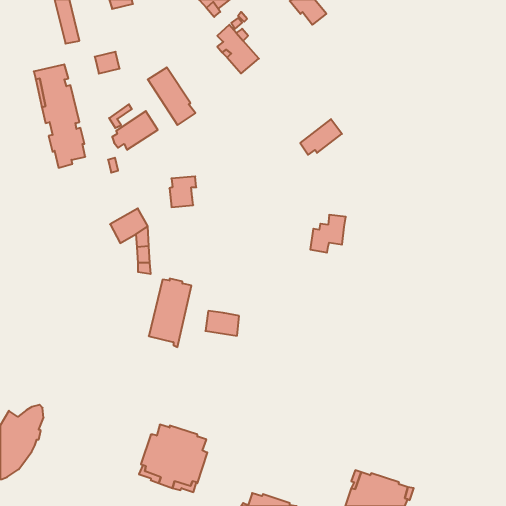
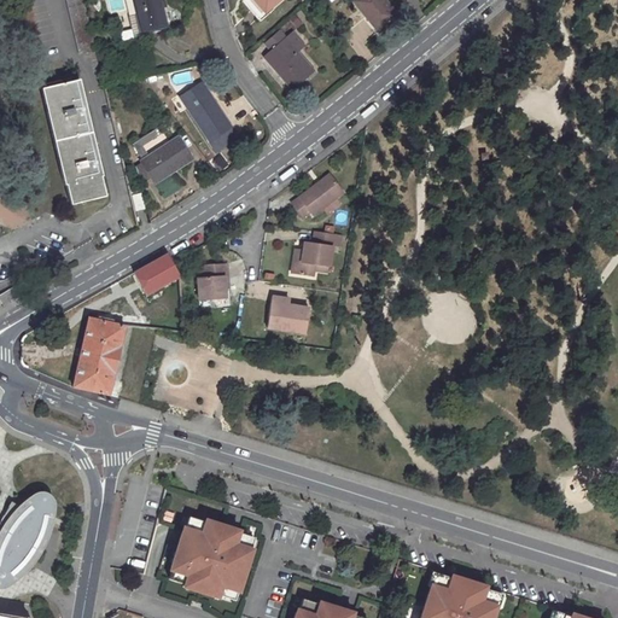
building: [95,52,120,74] -> [138,5,168,31]
building: [300,119,342,155] -> [293,174,344,217]
building: [169,176,196,207] -> [198,263,231,301]
building: [310,215,346,253] -> [292,231,336,276]
building: [149,279,191,347] -> [74,315,126,398]
building: [205,311,239,336] -> [268,303,309,333]

